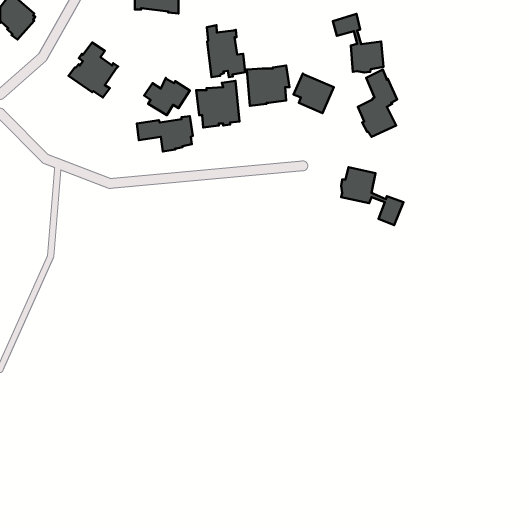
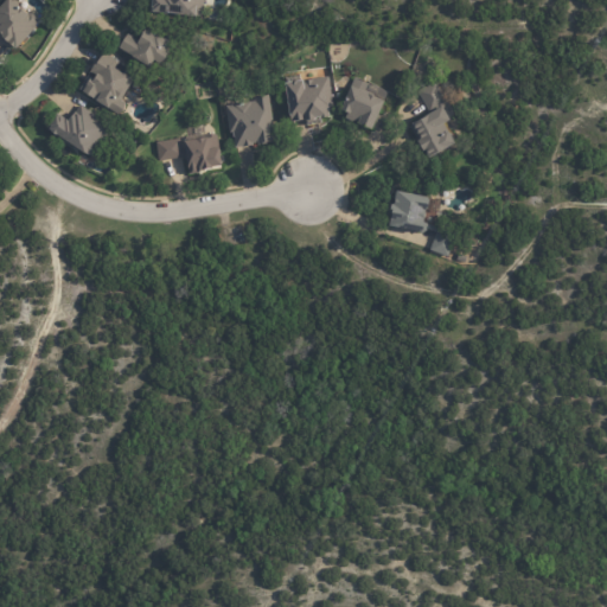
building: [333,14,383,72] -> none
building: [207,25,245,77] -> none
building: [144,78,190,115] -> [120,27,172,70]
building: none -> [45,102,113,154]

